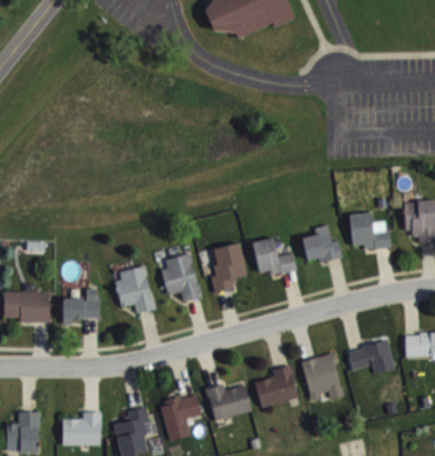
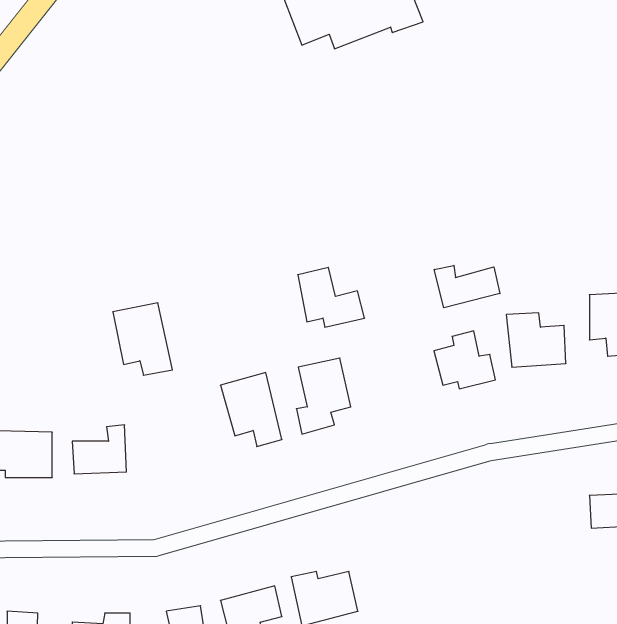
building: none -> [434,265,500,308]
building: [253,236,297,276] -> [298,267,365,327]
building: [115,265,155,313] -> [113,303,172,375]
building: [350,340,395,373] -> none
building: [302,353,344,398] -> none
building: [255,365,300,407] -> none

